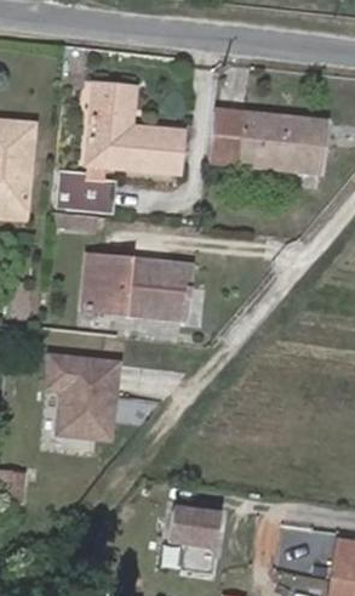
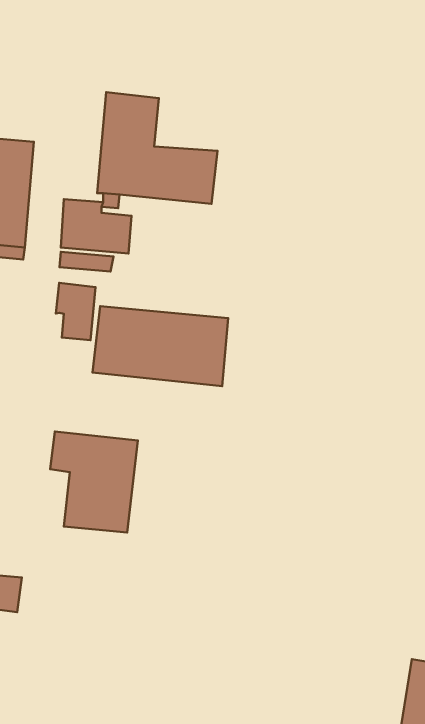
building: [210,108,326,172] -> none
building: none -> [56,283,96,340]
building: [170,505,222,569] -> none

